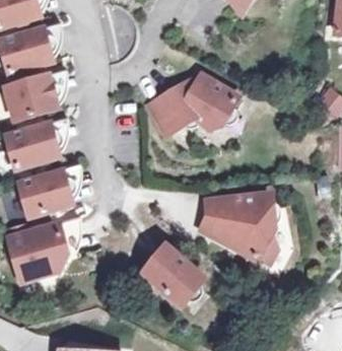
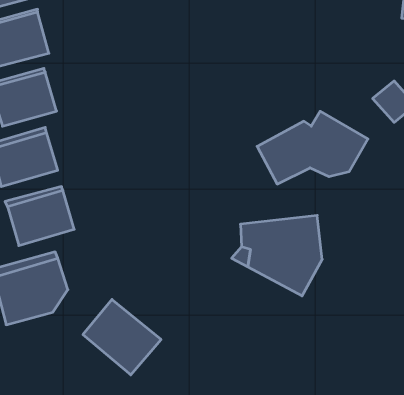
building: [149,75,238,134] -> [257,111,368,184]
building: [141,243,204,304] -> [83,299,161,375]

